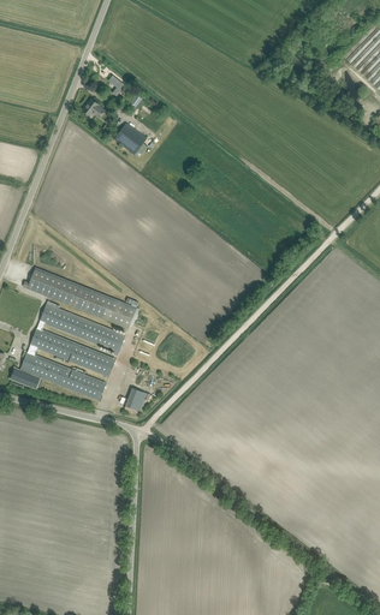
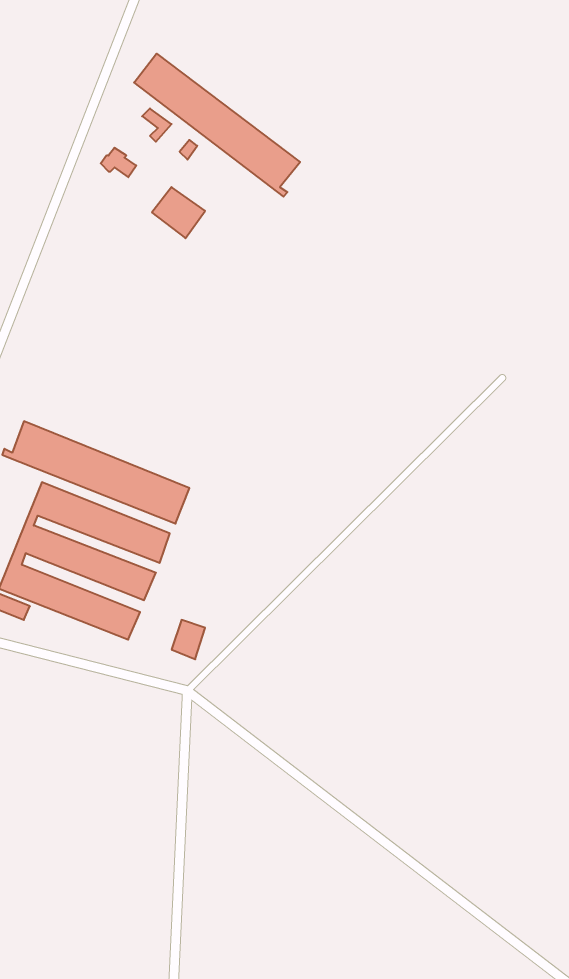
building: none -> [134,54,300,197]

